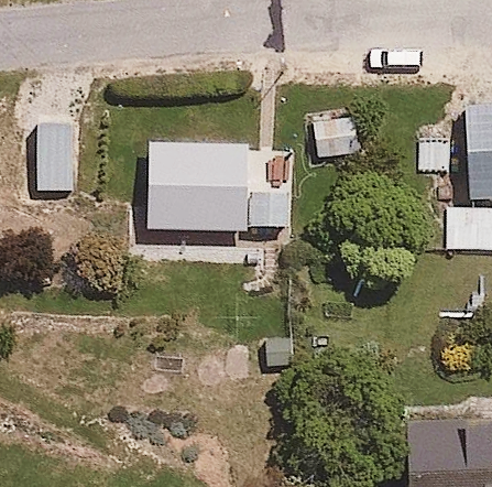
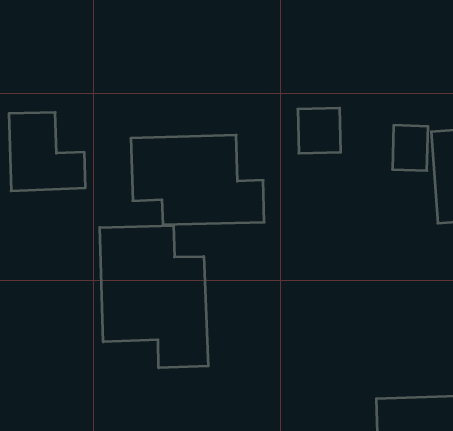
building: none -> [100,225,208,368]

